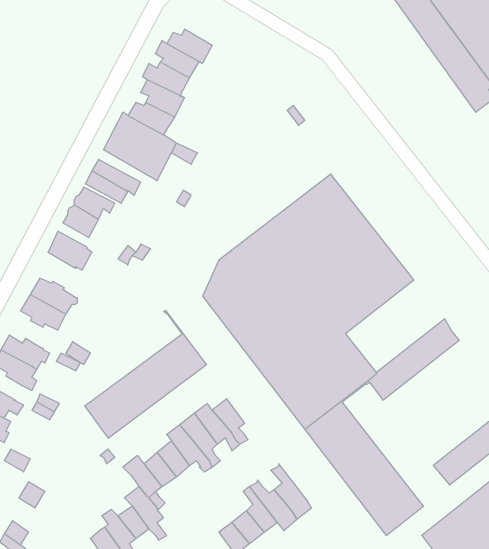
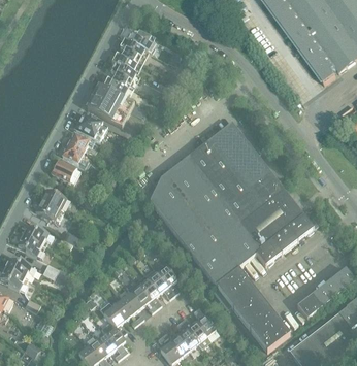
building: none -> [240,190,303,248]
building: [85,310,206,438] -> none

